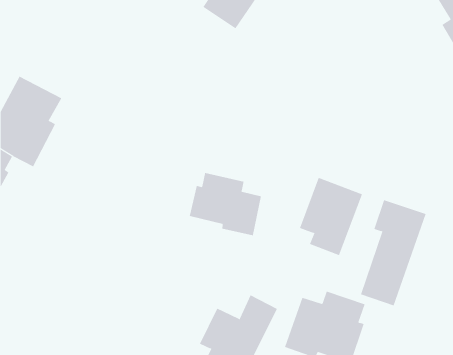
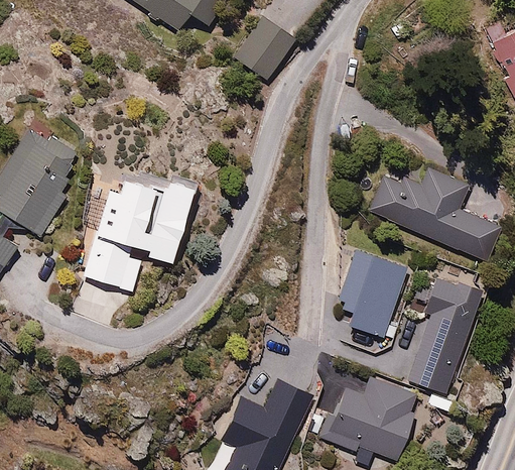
building: none -> [370,165,503,262]
building: none -> [82,181,188,291]
building: [189,172,262,236] -> none

